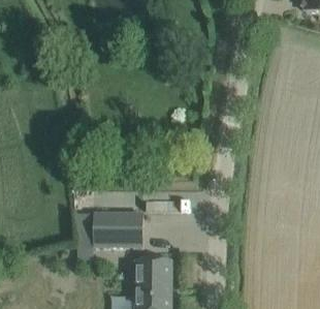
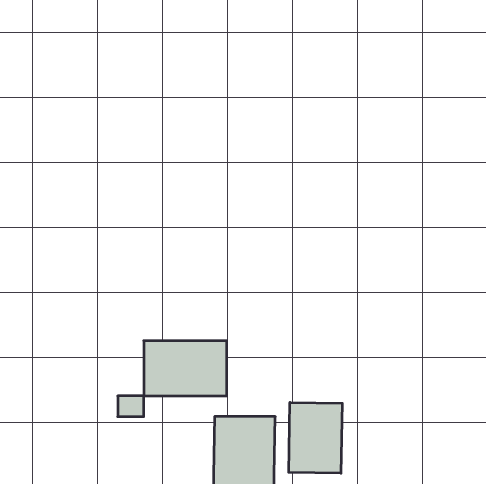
building: none -> [289,402,342,473]

